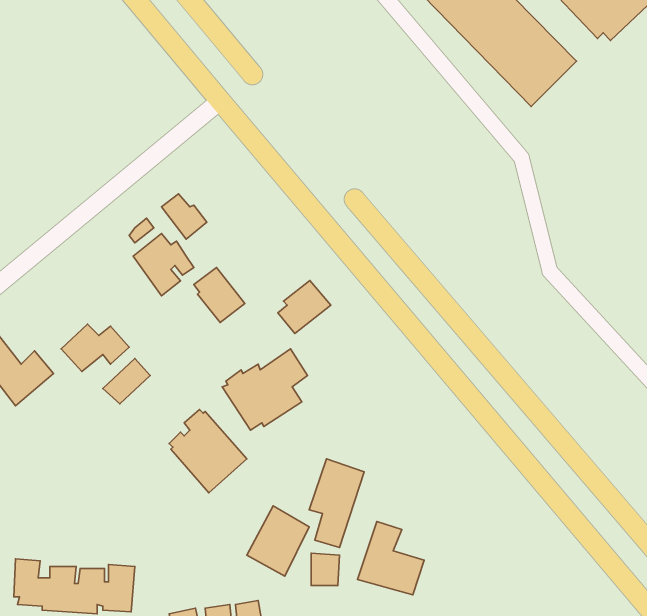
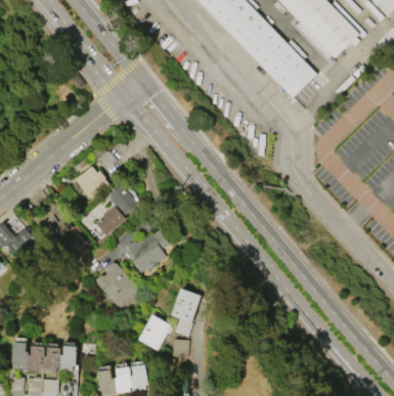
building: [278,281,331,333] -> [96,206,125,234]
building: [357,521,424,595] -> none

